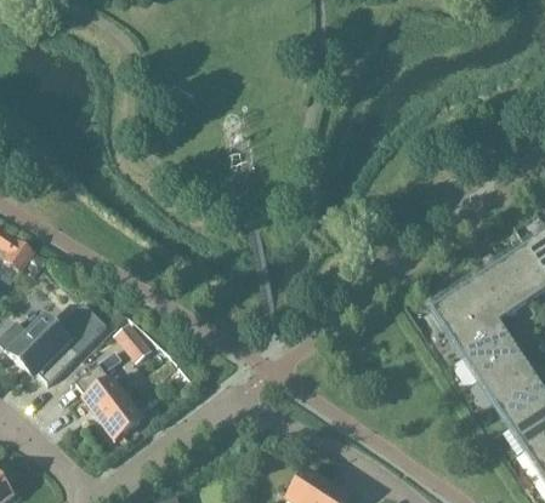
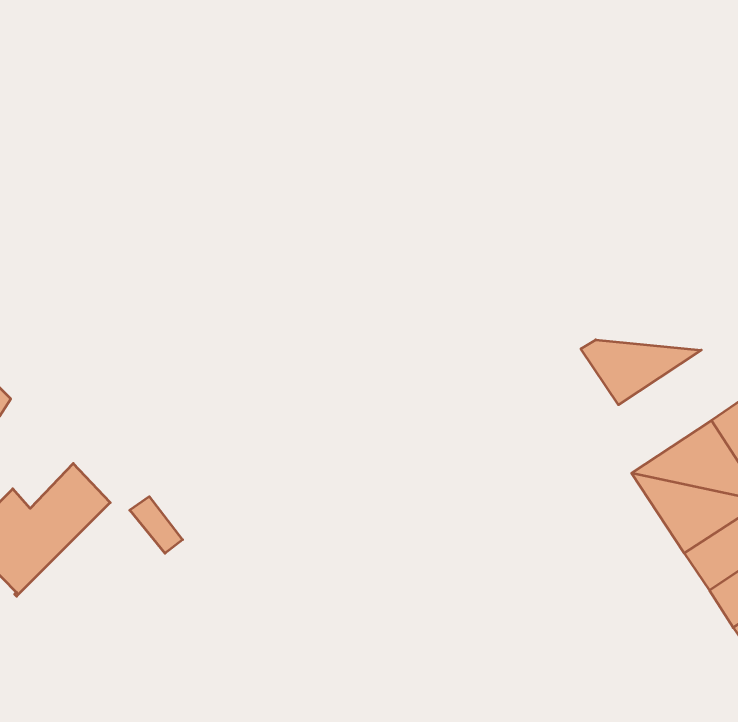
building: none -> [581,340,701,405]
building: [70,361,141,438] -> none

